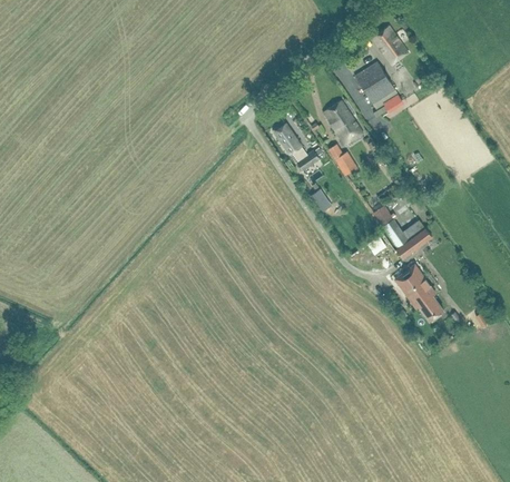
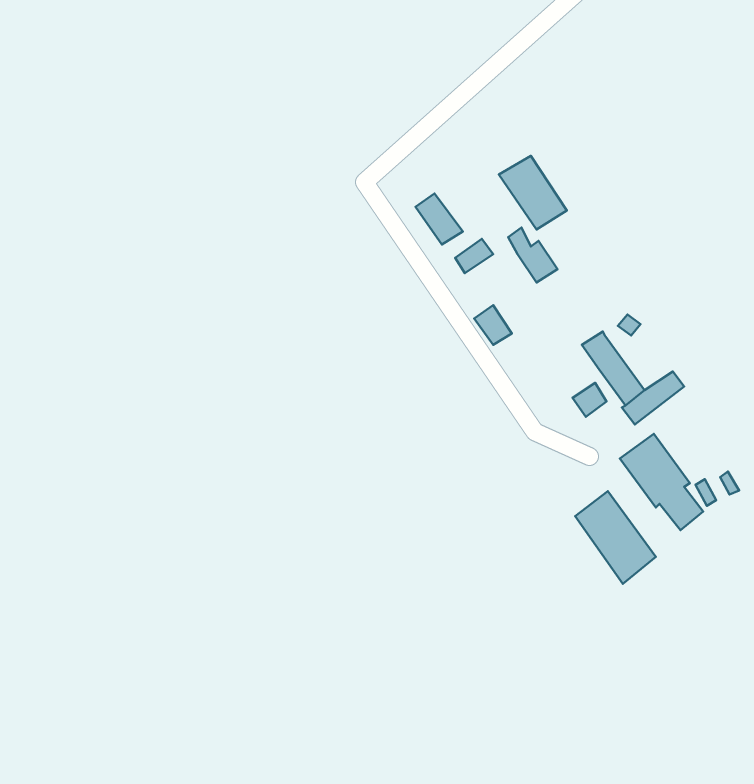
building: [372,26,409,65] -> none
building: [354,61,403,116] -> none
building: none -> [575,491,656,584]

